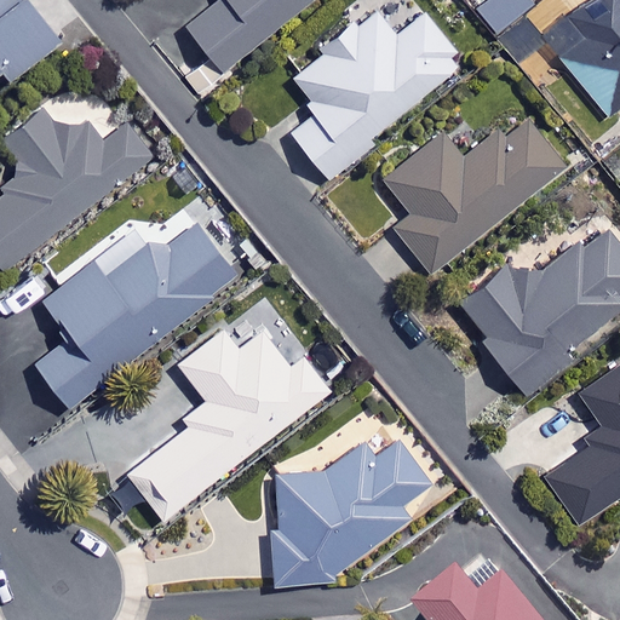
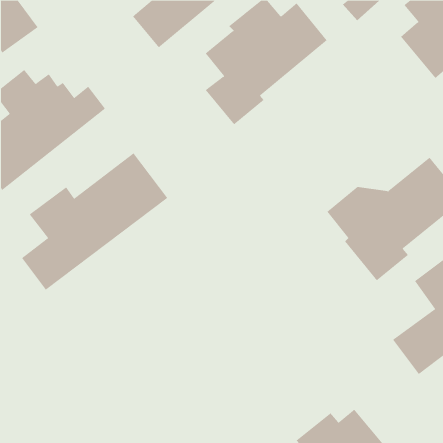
building: [385,113,568,274] -> none
building: [128,328,332,519] -> none
building: [270,440,431,585] -> none

